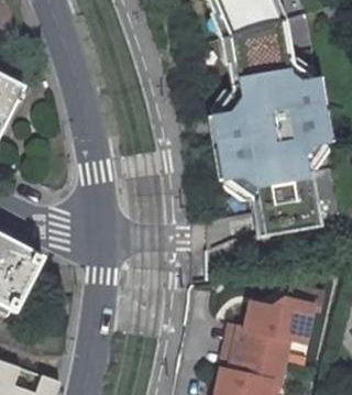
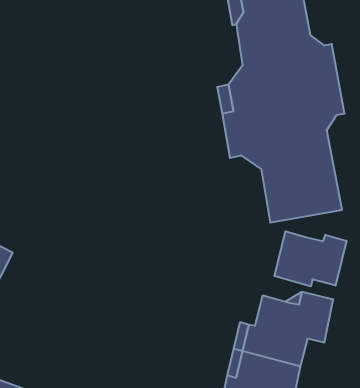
building: none -> [275,231,346,286]

